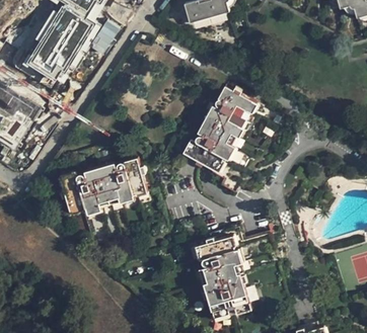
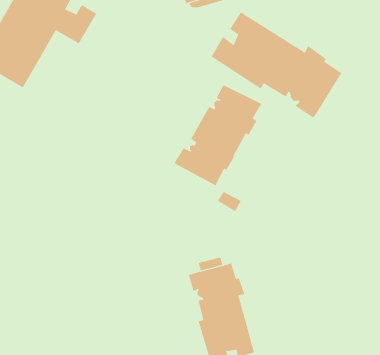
building: none -> [211,12,342,118]
building: [58,158,145,214] -> none

